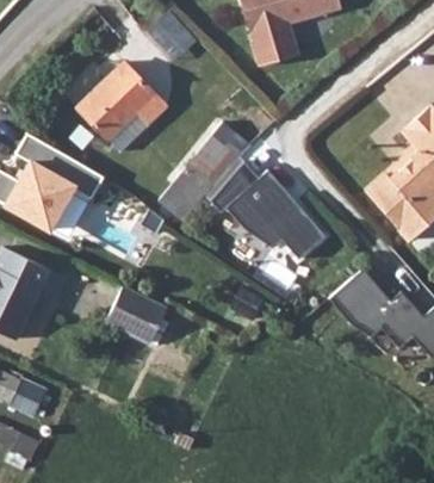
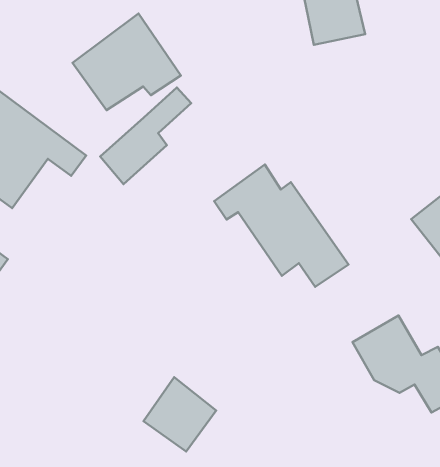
building: [156,140,222,222] -> [100,88,191,184]
building: [113,287,169,345] -> [144,377,216,451]

